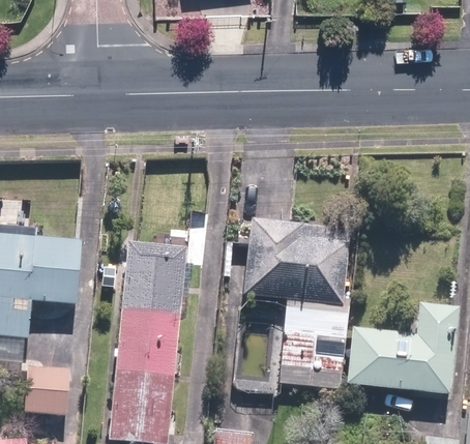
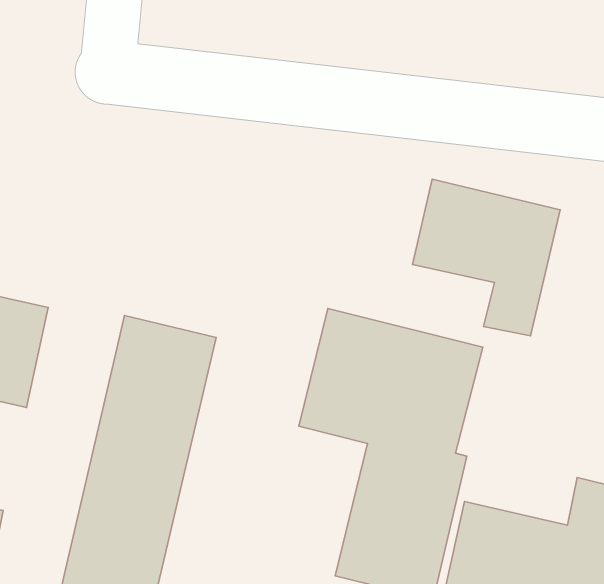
building: none -> [412,179,560,336]

